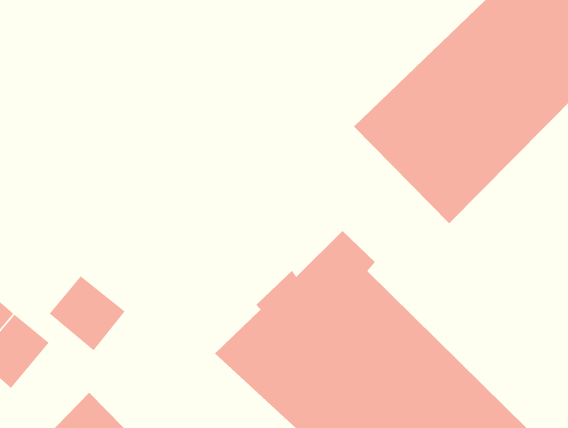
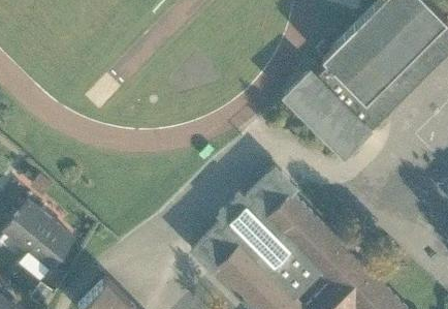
building: [49,276,126,351] -> none

